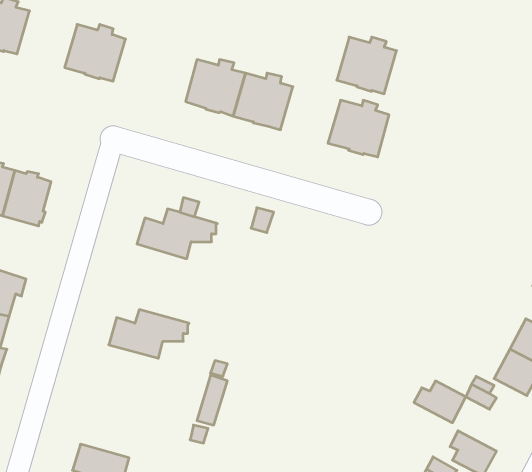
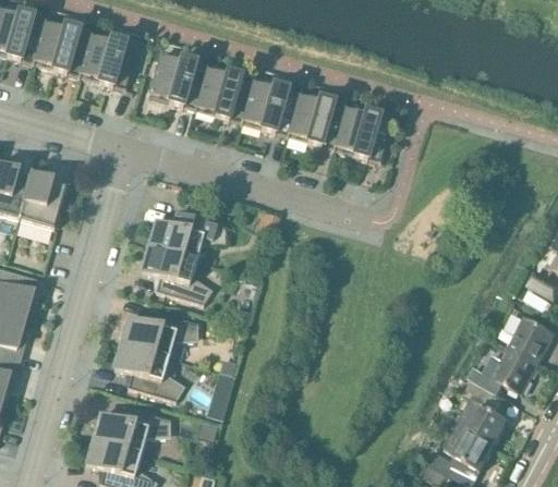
building: none -> [33,20,90,74]
building: [337,37,397,94] -> [287,93,344,147]
building: none -> [148,52,206,107]
building: none -> [142,244,208,302]
building: none -> [113,341,181,399]
building: [414,381,466,423] -> [458,403,508,443]
building: none -> [94,403,170,450]

